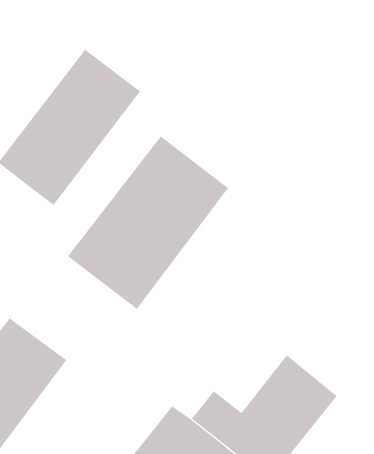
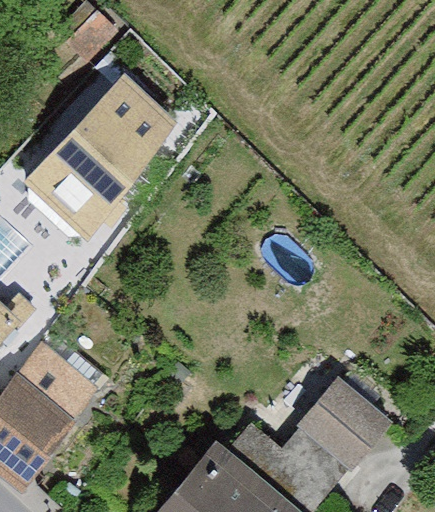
building: [67,135,229,310] -> none

